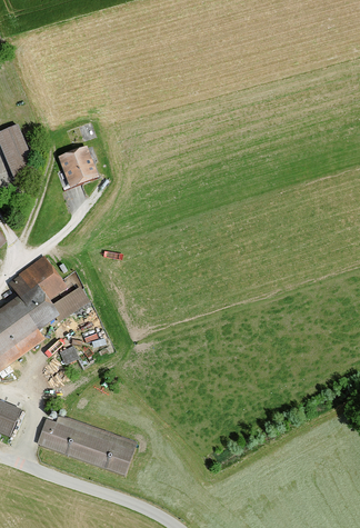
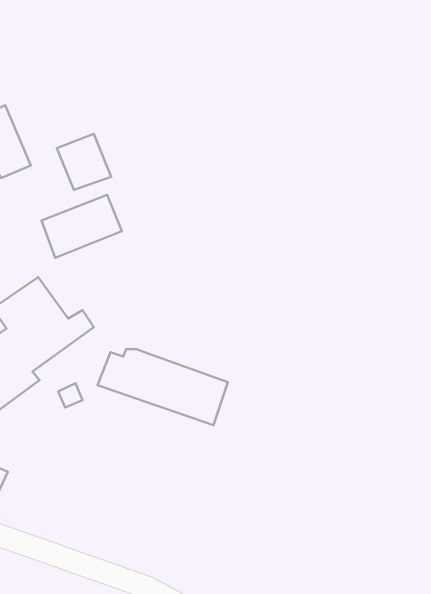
building: none -> [42,195,122,258]
building: [34,414,136,472] -> [97,349,228,425]

